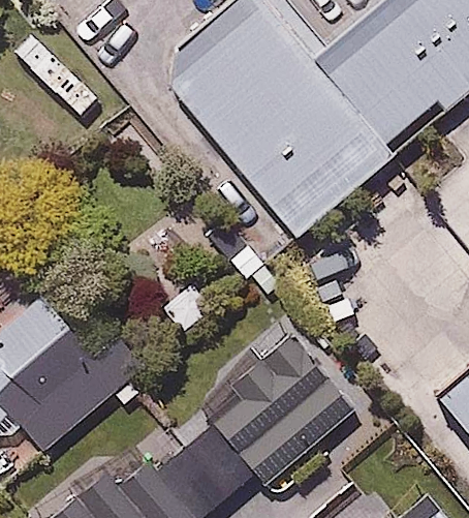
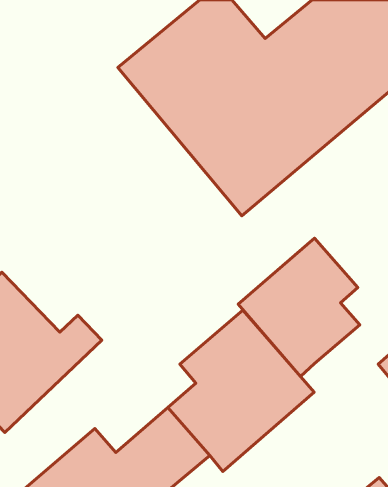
building: none -> [238,238,360,377]

